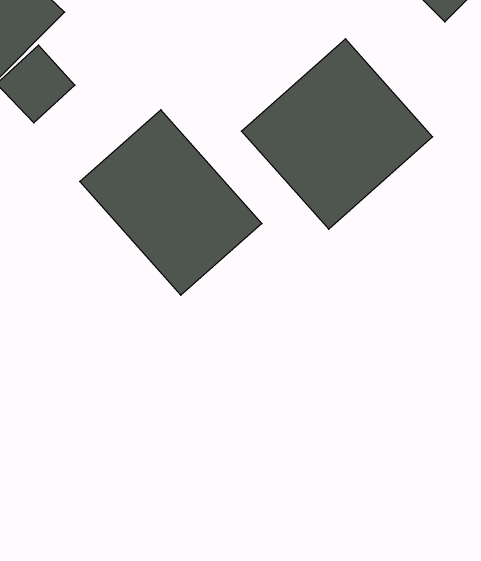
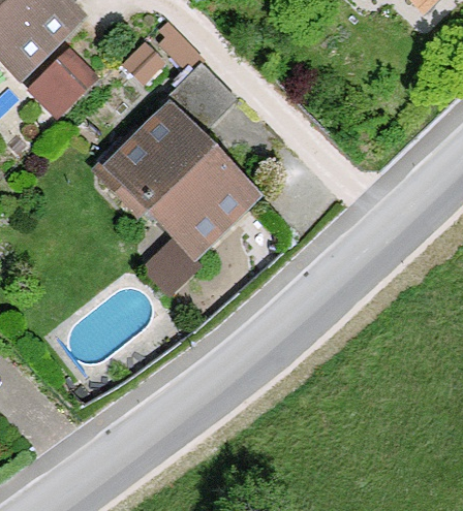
building: [242,39,433,229] -> none

